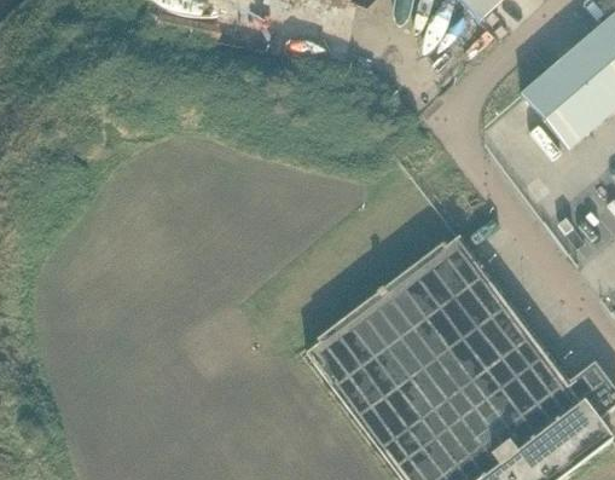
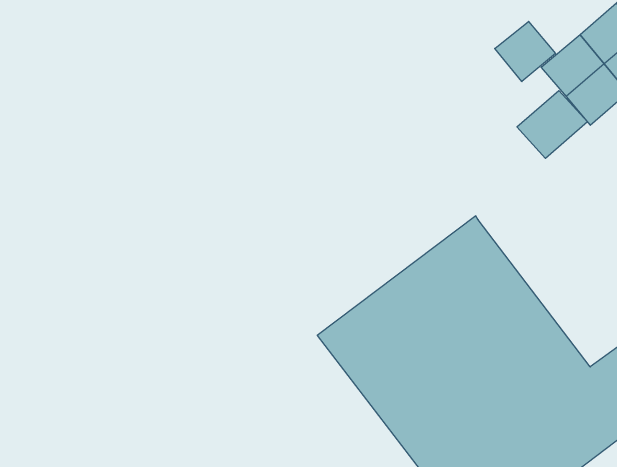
building: none -> [495,21,556,82]
building: none -> [517,91,587,158]

